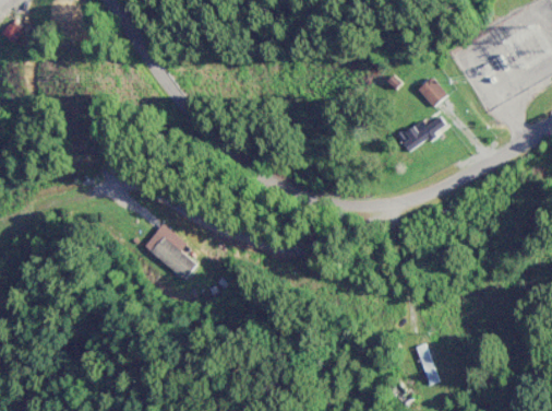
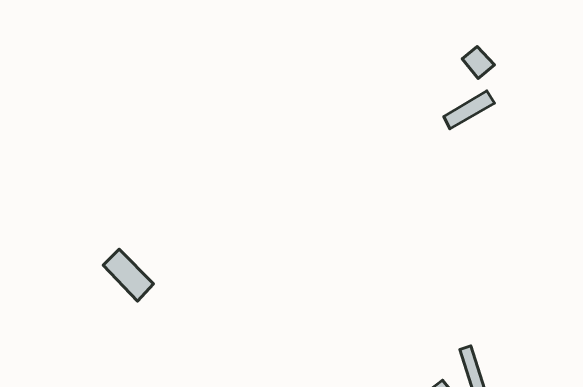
building: [151,234,195,280] -> [103,249,154,301]

